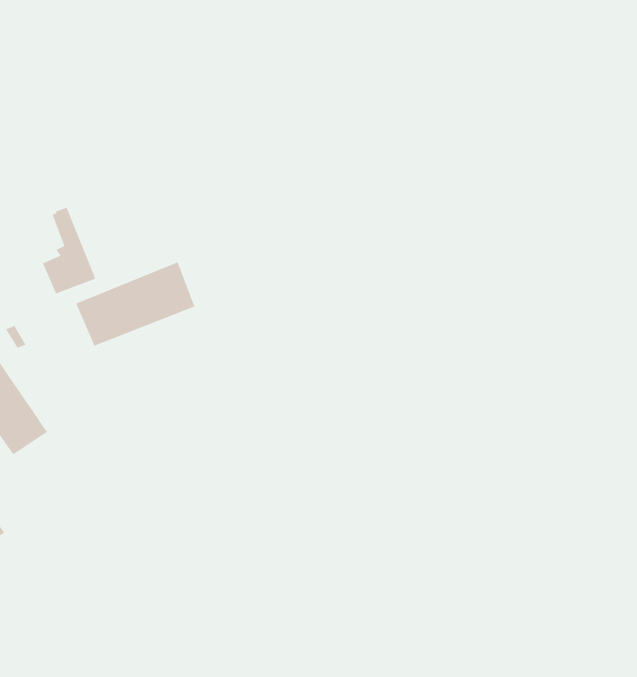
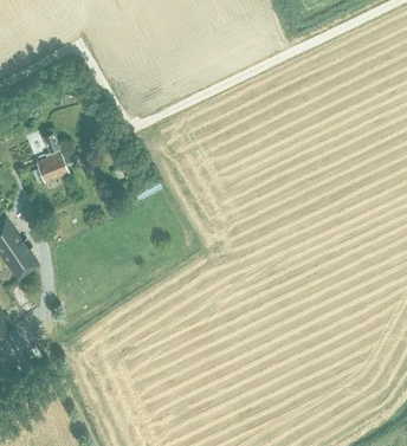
building: [76,262,195,347] -> none

